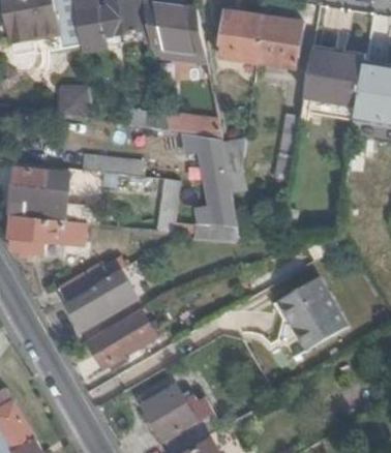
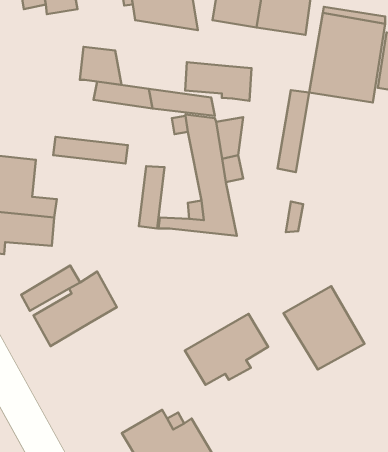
building: [54,86,89,118] -> [80,47,121,85]
building: none -> [185,62,252,101]
building: [86,307,156,367] -> [185,314,268,385]

